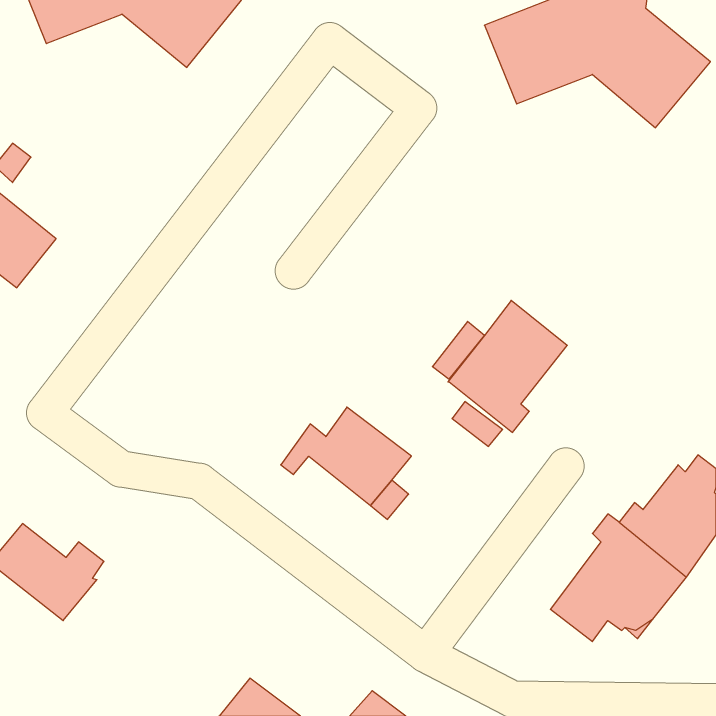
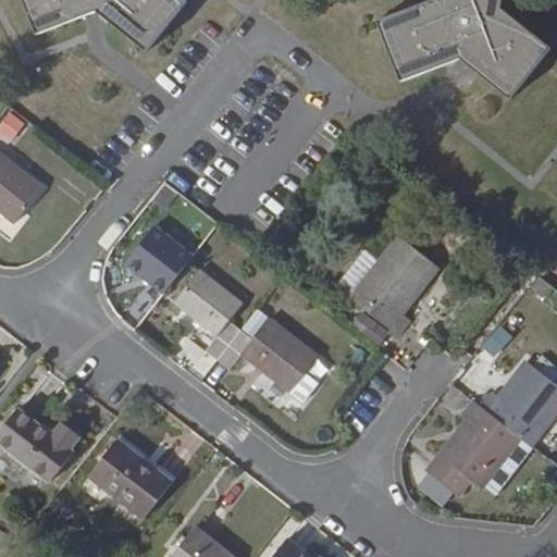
building: none -> [123,224,193,295]
building: none -> [172,267,244,336]
building: none -> [86,437,173,520]

